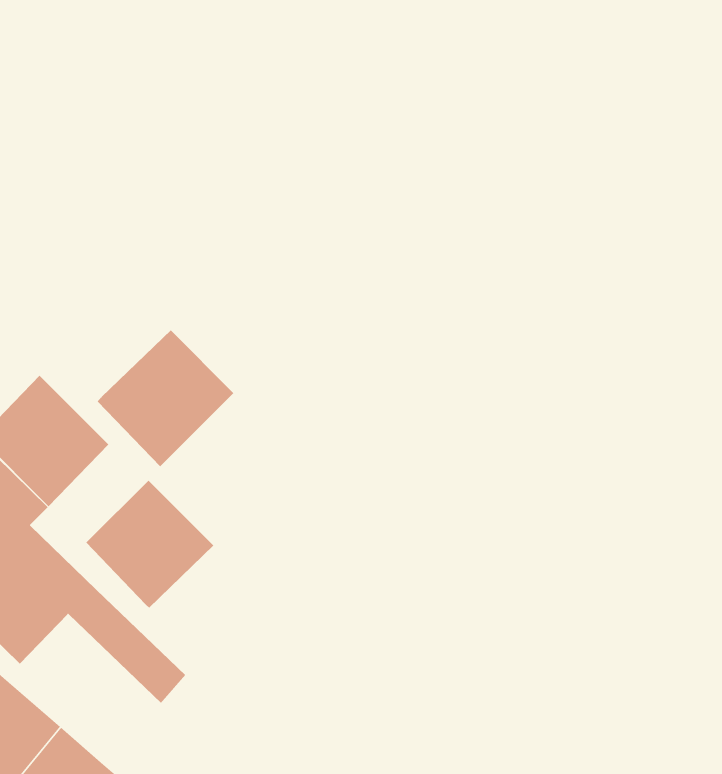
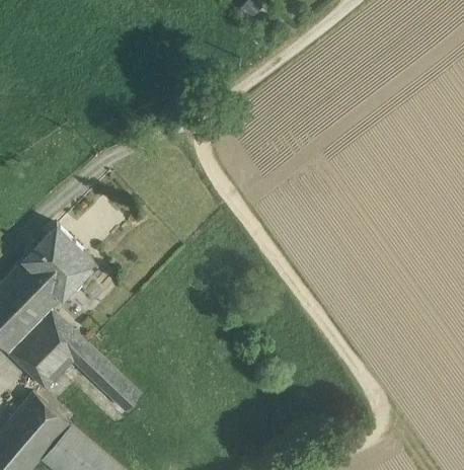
building: [97,330,234,467] -> none
building: [85,480,214,608] -> none

